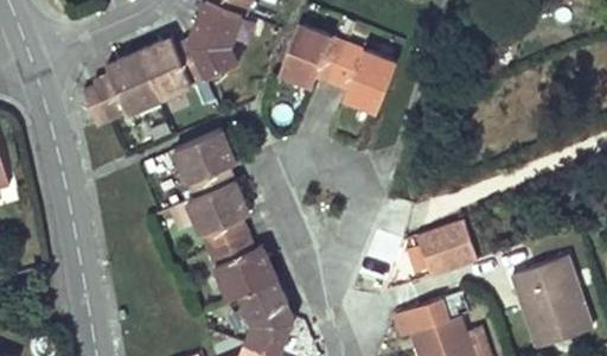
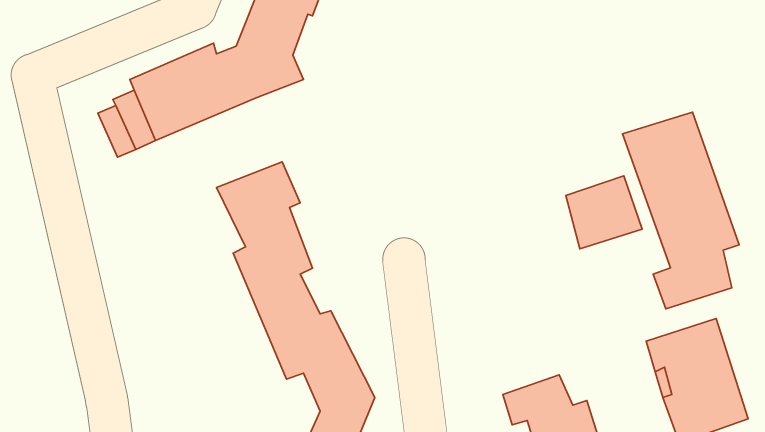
building: [280,25,397,112] -> none
building: none -> [623,112,739,309]
building: [417,218,477,275] -> [566,176,642,249]

